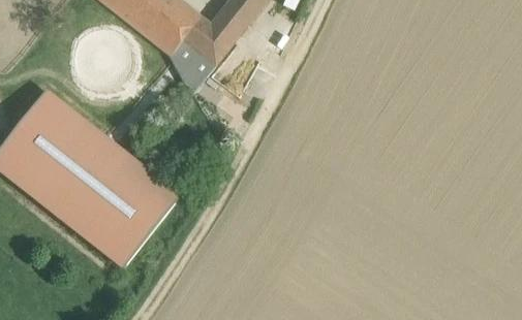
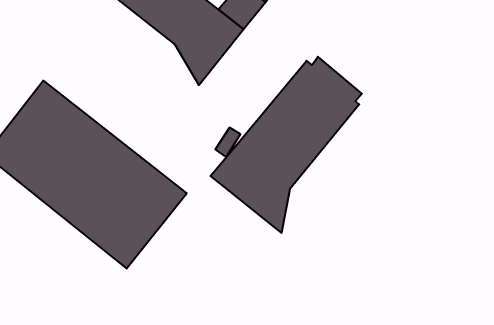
building: none -> [210,57,362,233]

